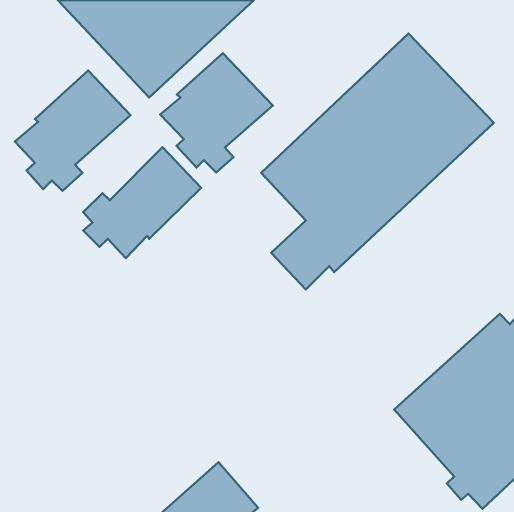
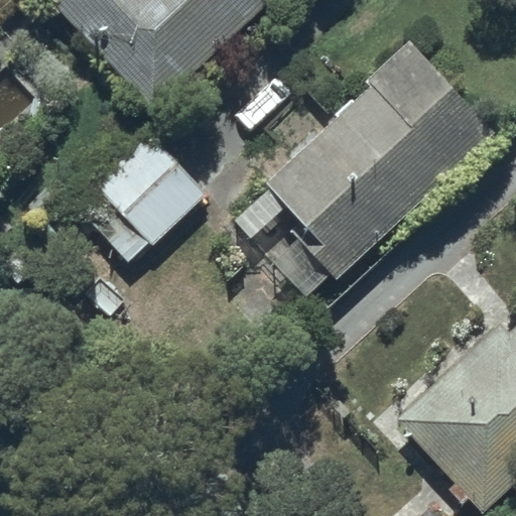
building: [160,53,273,173] -> none
building: [15,70,131,191] -> none

